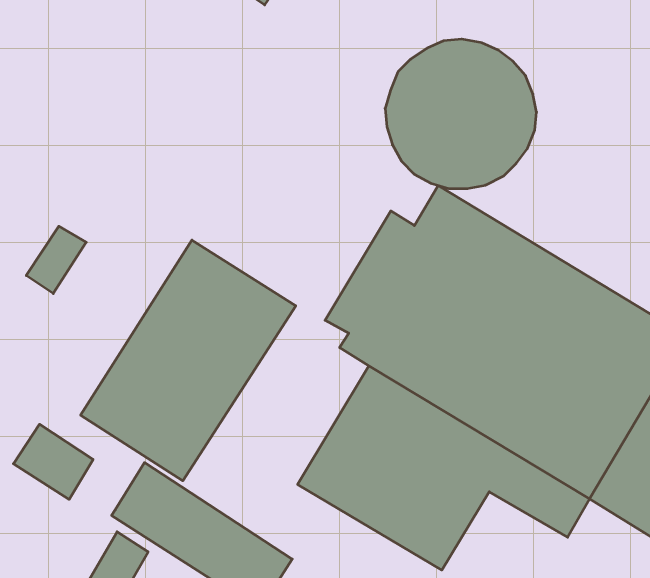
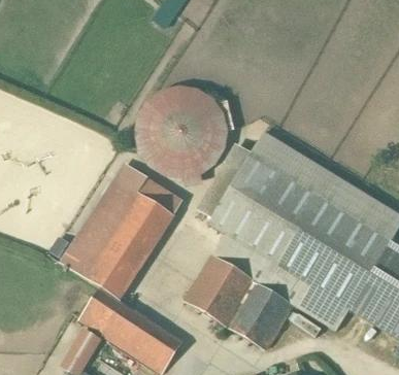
building: [385,39,537,189] -> [139,91,225,175]
building: [26,226,86,294] -> none
building: [13,424,93,499] -> none

